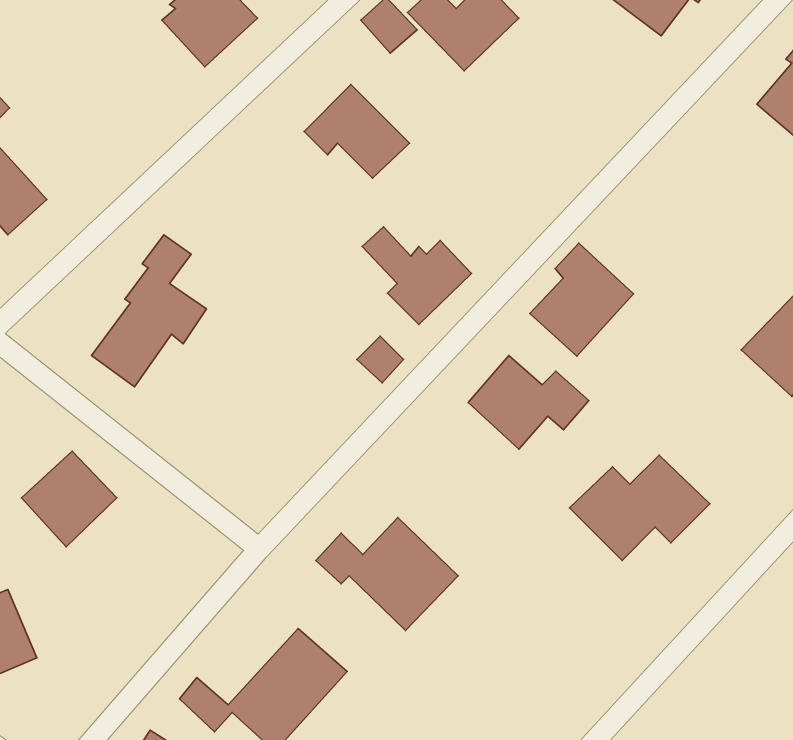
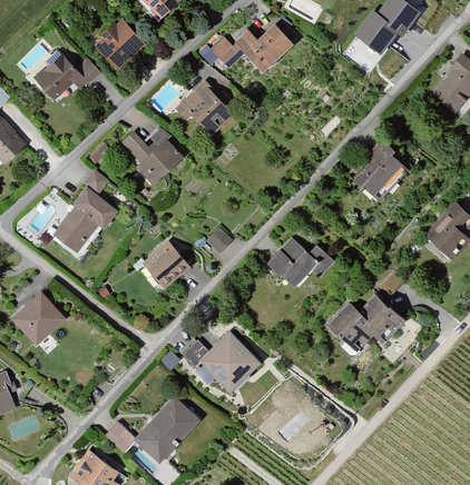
building: none -> [32,51,100,102]
building: [362,227,471,324] -> [120,130,183,186]
building: [530,243,633,356] -> [354,139,413,204]
building: none -> [141,239,192,289]

